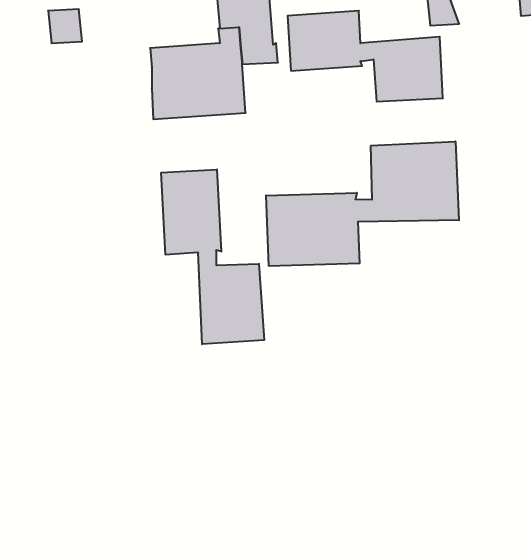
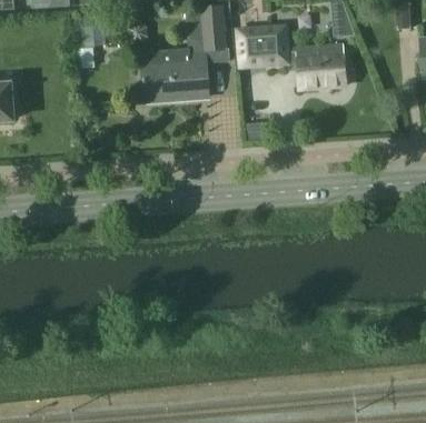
building: [266,141,459,266] -> none
building: [161,169,264,344] -> none

